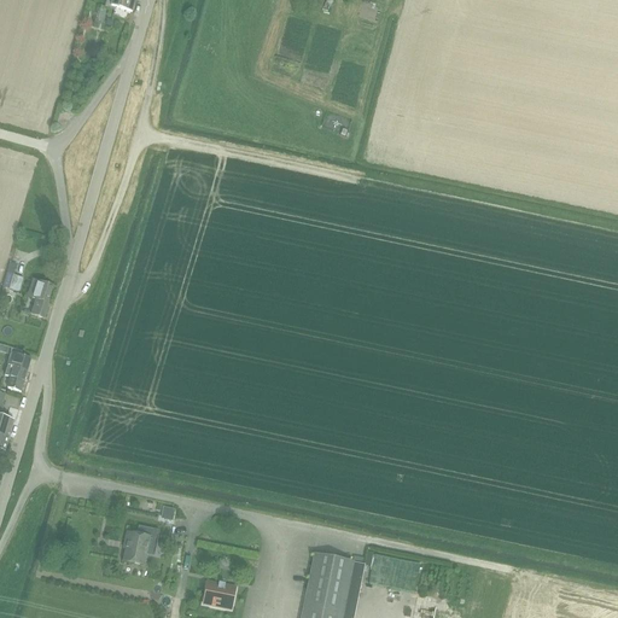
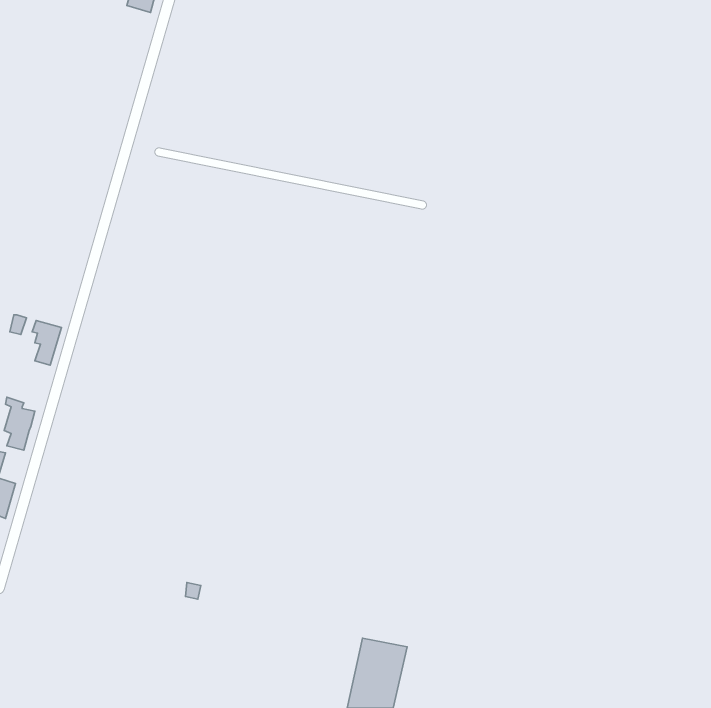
building: [122,530,150,564] -> none
building: [203,579,234,607] -> none

